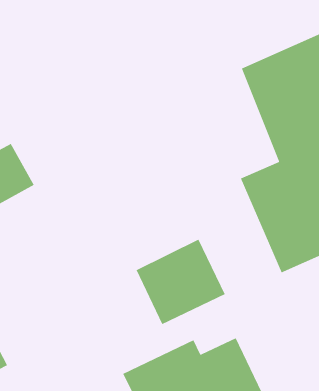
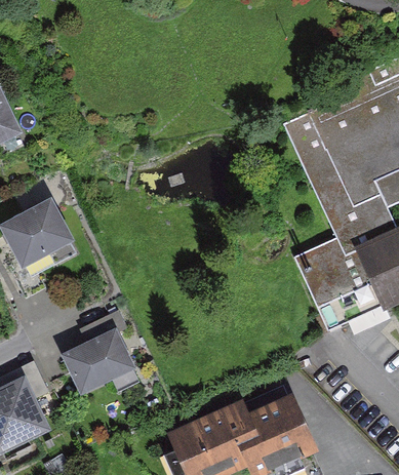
building: [136,238,226,325] -> none
building: none -> [68,328,137,392]

